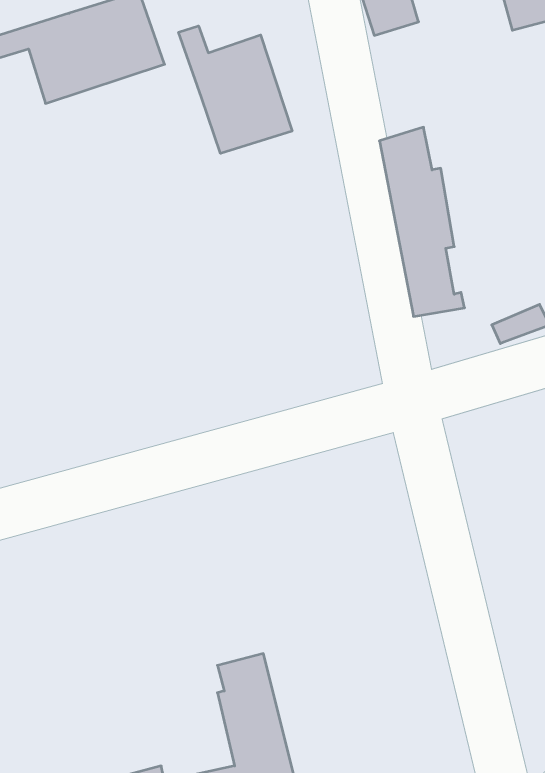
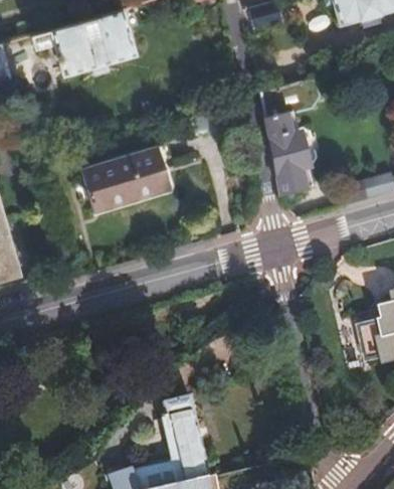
building: [179,26,292,153] -> none
building: none -> [83,147,174,212]

